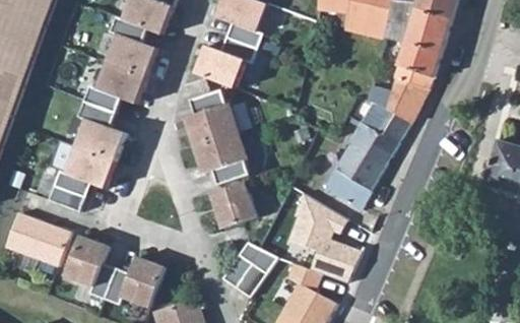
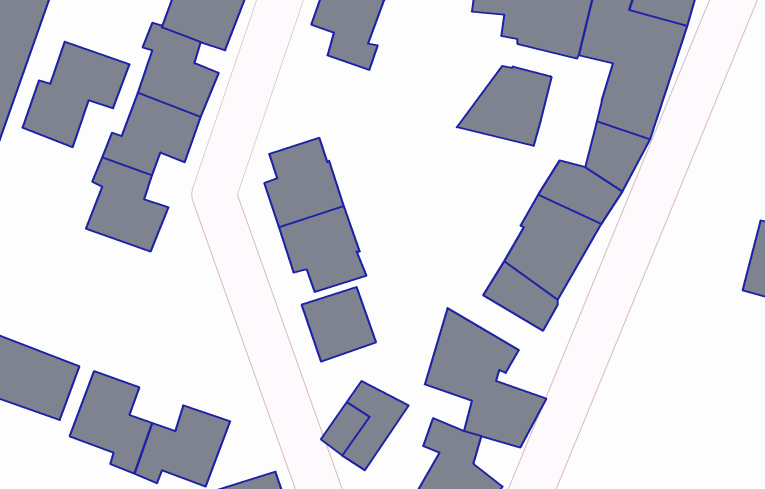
building: [195,38,253,87] -> none
building: none -> [457,66,551,146]
building: [49,146,116,212] -> [22,42,130,147]

